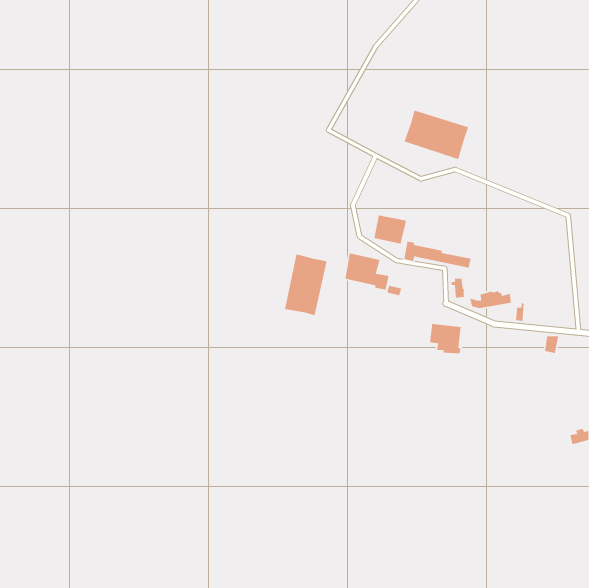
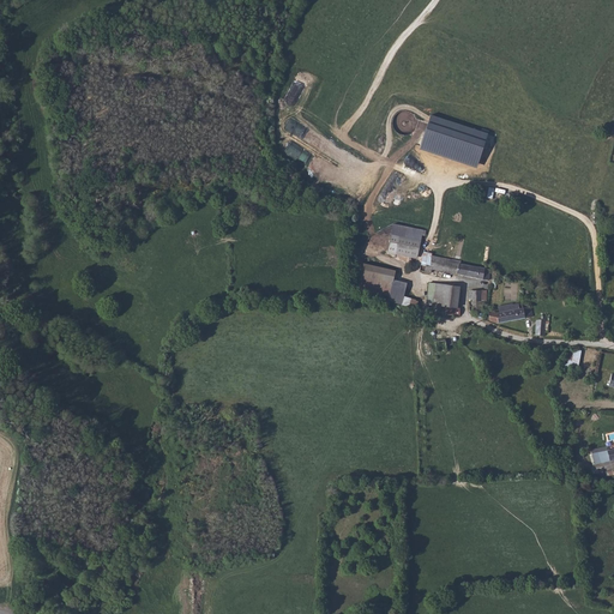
building: [284,254,327,316] -> none
building: [429,323,461,354] -> [427,282,460,314]

